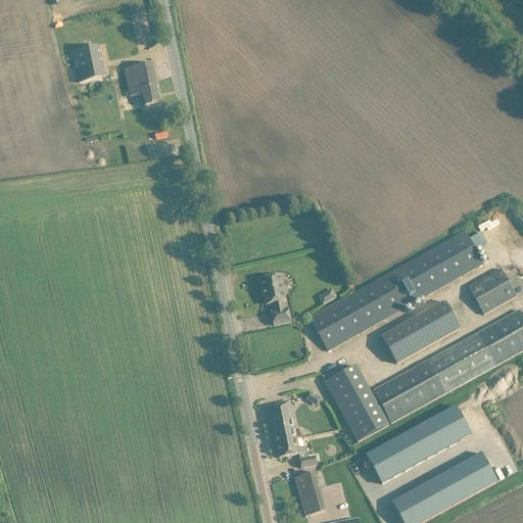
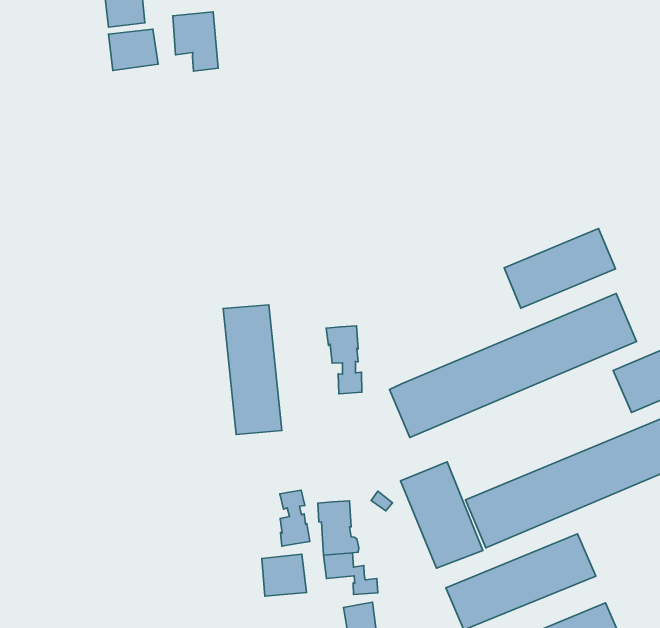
building: none -> [109,29,158,71]
building: none -> [223,305,282,434]
building: [381,299,461,363] -> [504,228,615,308]
building: none -> [280,490,310,546]
building: none -> [262,554,307,596]

